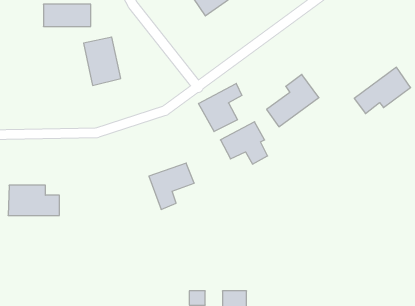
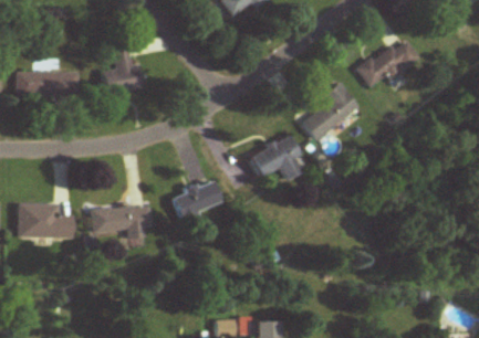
building: [43,4,91,26] -> [17,72,69,96]
building: [354,67,411,114] -> [358,38,420,88]
building: [199,83,242,132] -> none
building: none -> [92,207,152,237]

